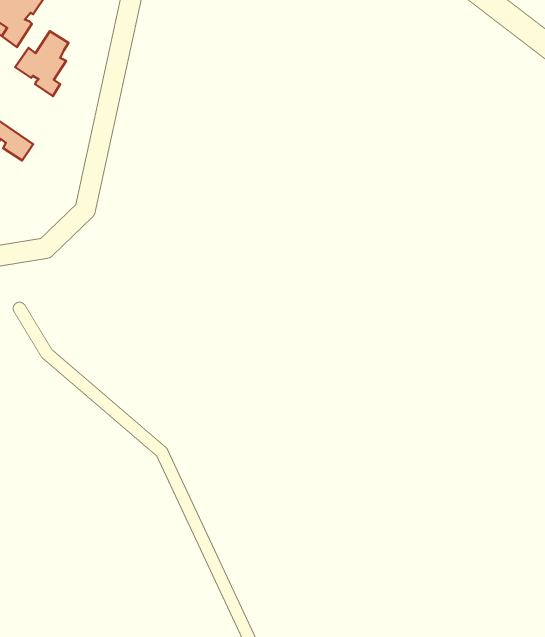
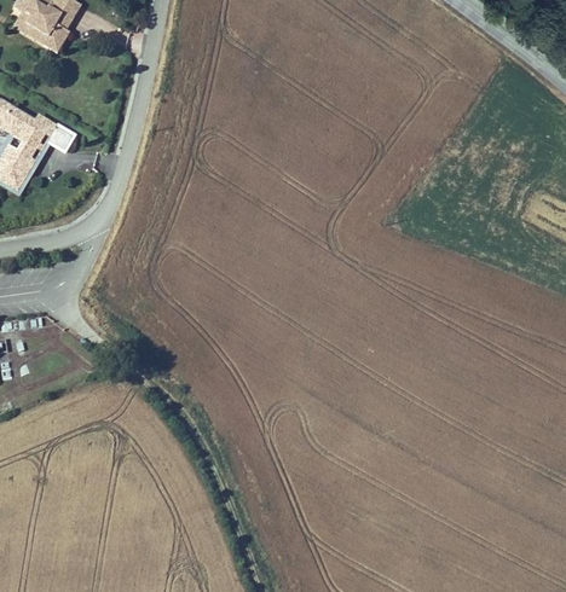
building: [15,31,69,96] -> none

